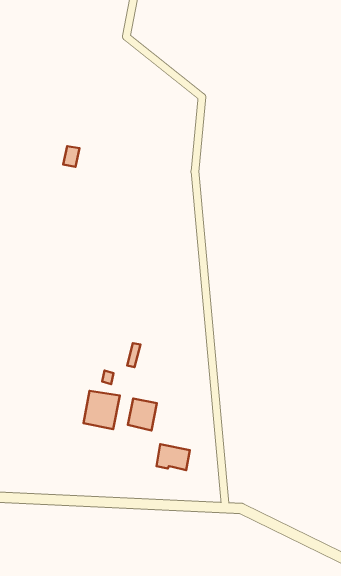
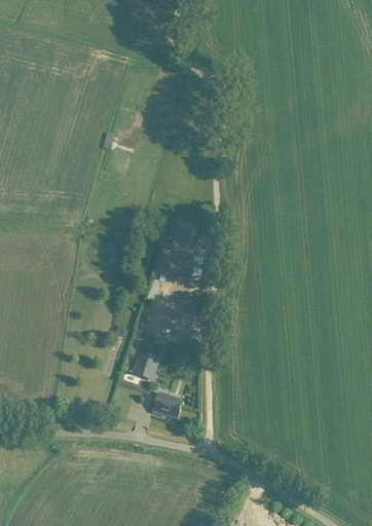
building: [83,391,120,429] -> none

